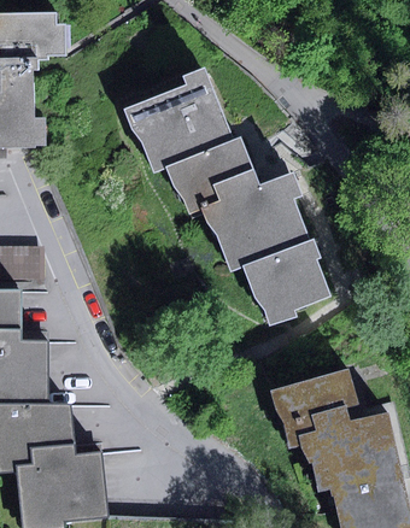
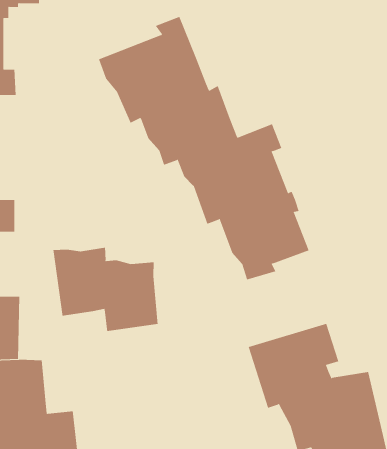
building: none -> [53,247,158,332]

